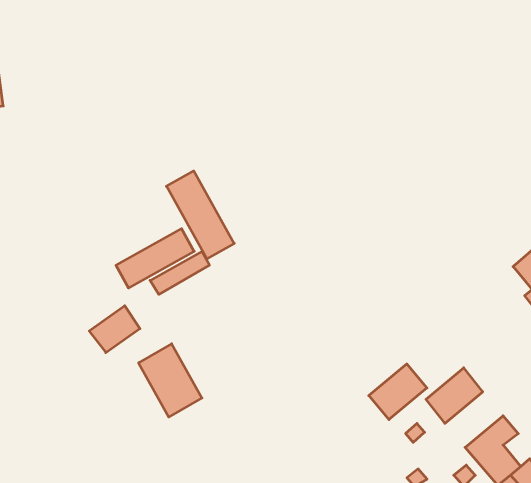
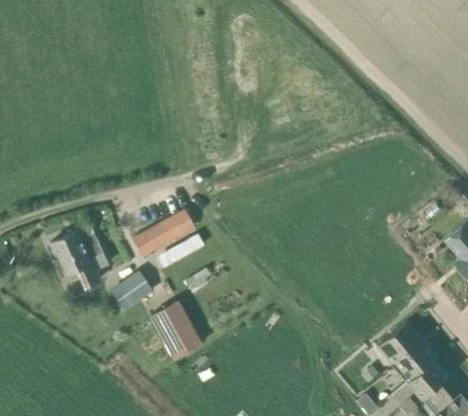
building: [166,171,234,259] -> none
building: none -> [51,228,108,287]
building: [369,364,427,420] -> [394,340,440,384]

